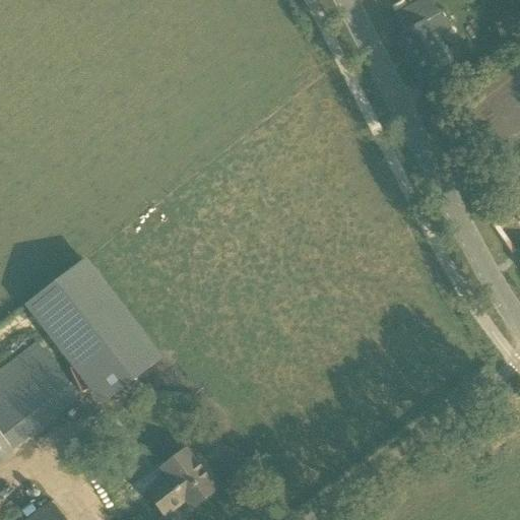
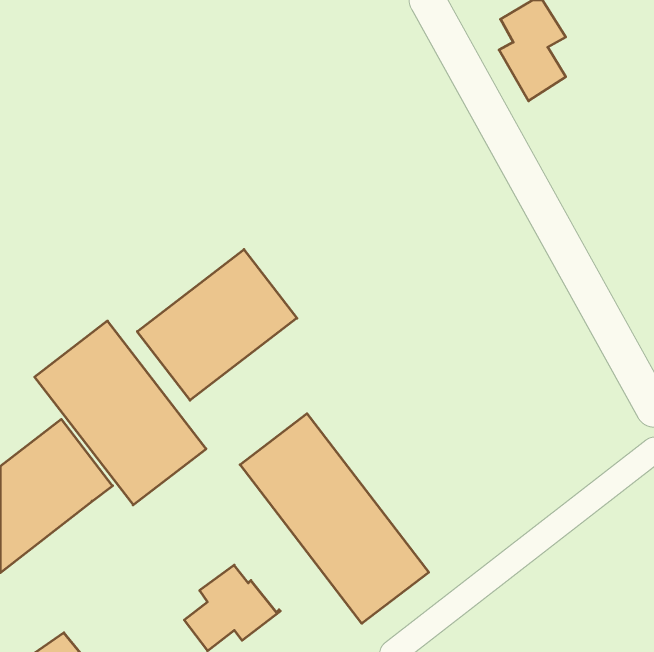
building: none -> [137,249,297,400]
building: none -> [240,414,429,623]

